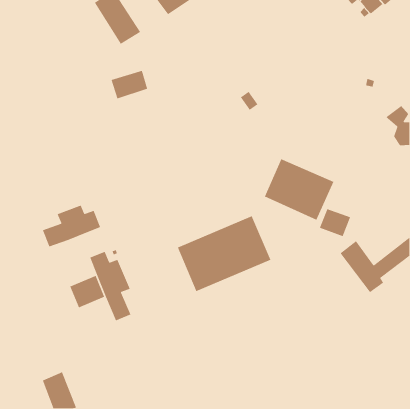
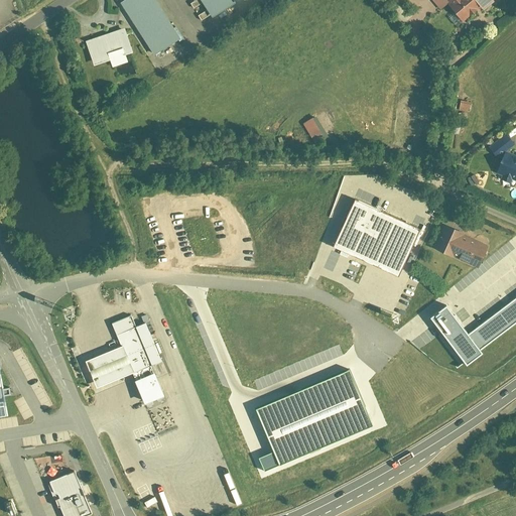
building: [111,70,148,100] -> [83,29,130,67]
building: [42,204,101,248] -> none
building: [319,208,351,237] -> [443,229,484,265]
building: [177,215,271,292] -> [253,368,372,465]

